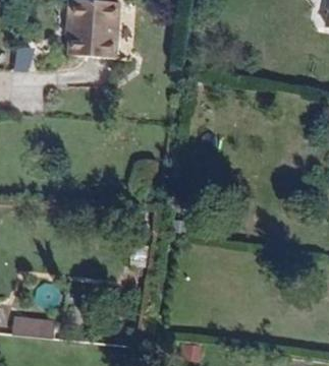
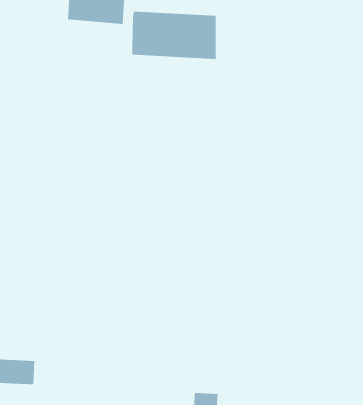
building: none -> [132,11,216,60]

